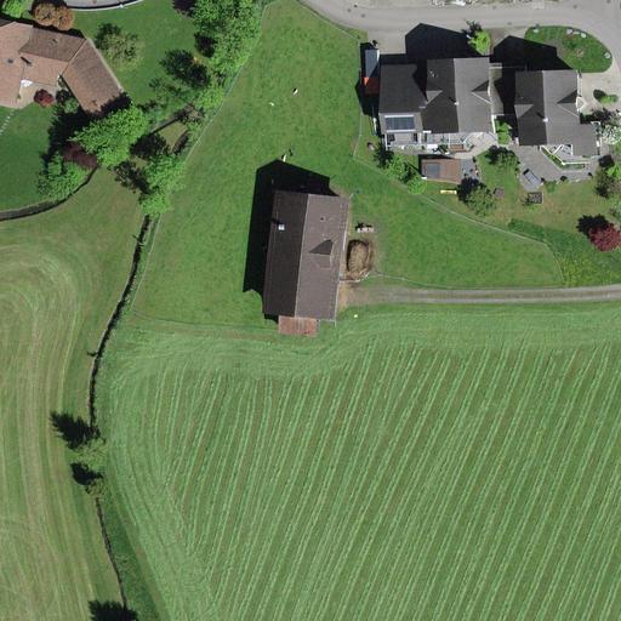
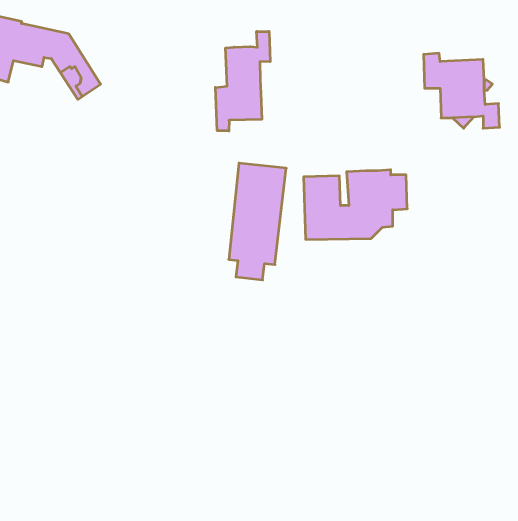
building: none -> [215,31,270,131]
building: [380,58,502,141] -> [304,170,407,239]

